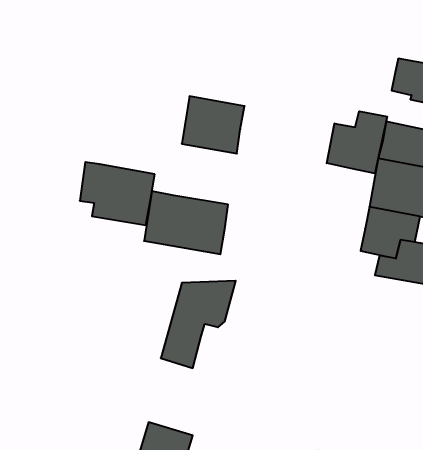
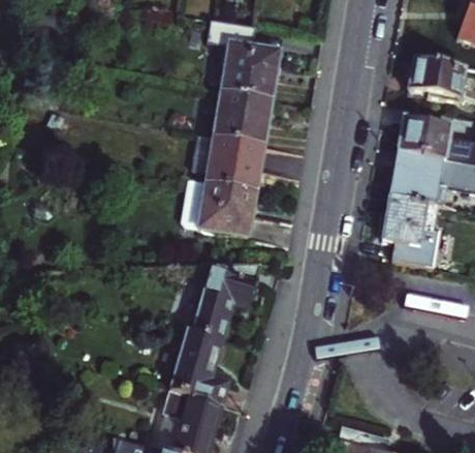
building: none -> [209,22,279,101]
building: [327,111,387,173] -> none
building: [80,162,155,225] -> [194,134,264,193]
building: none -> [172,336,225,409]

